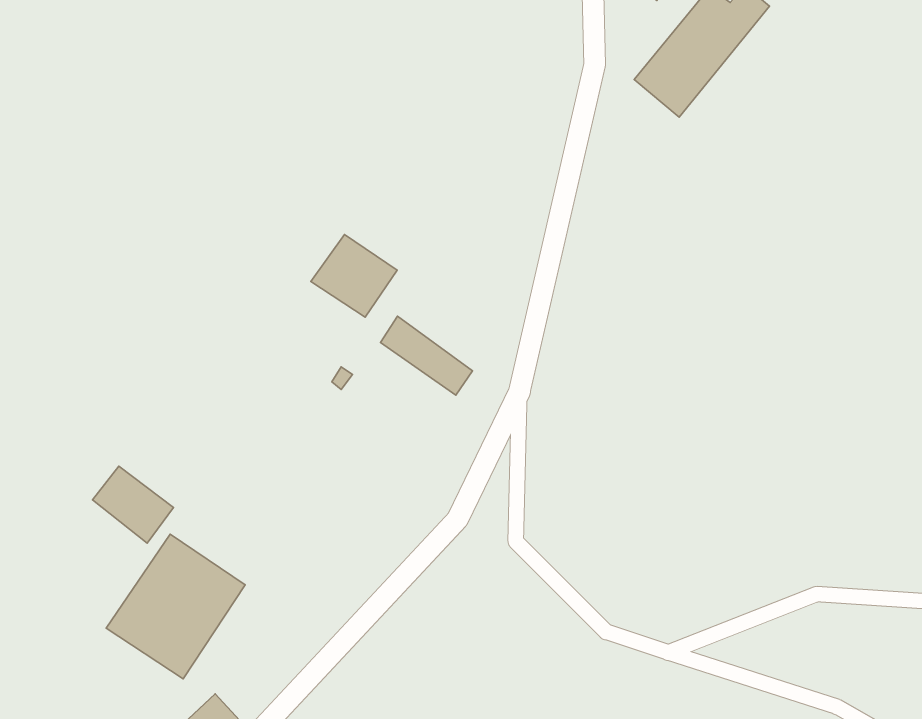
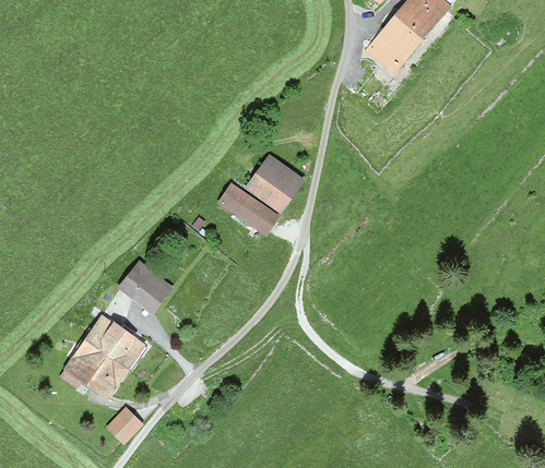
building: [311,235,397,317] -> [248,159,298,207]
building: [93,466,173,543] -> [121,264,168,309]

